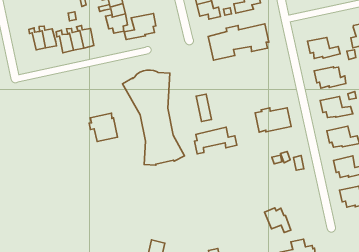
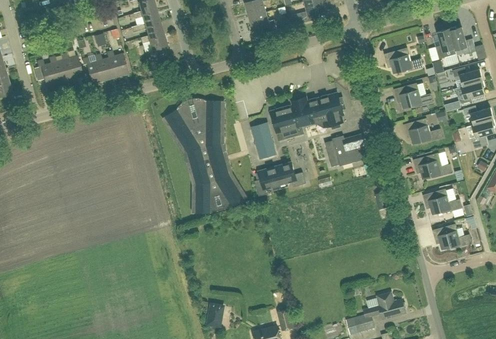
building: [124,14,156,40] -> none
building: [208,24,269,60] -> [271,93,344,140]
building: none -> [34,59,59,86]
building: [89,113,118,142] -> none
building: [265,208,291,233] -> none

